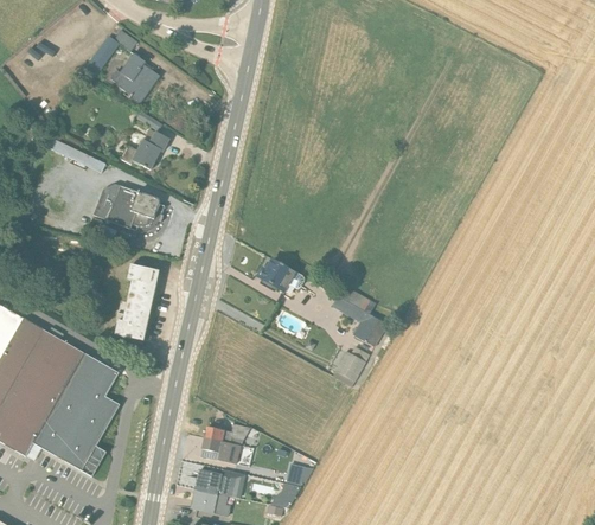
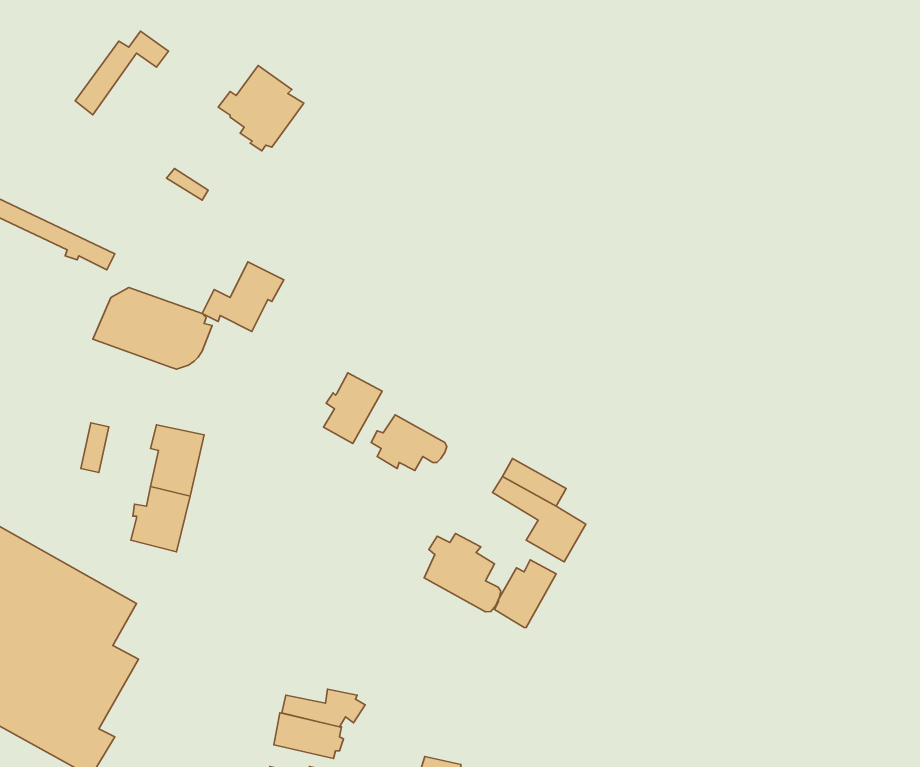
building: [109,55,160,105] -> [218,66,304,151]
building: [121,129,169,171] -> [202,262,284,331]
building: none -> [323,373,382,444]
building: none -> [424,534,501,612]

